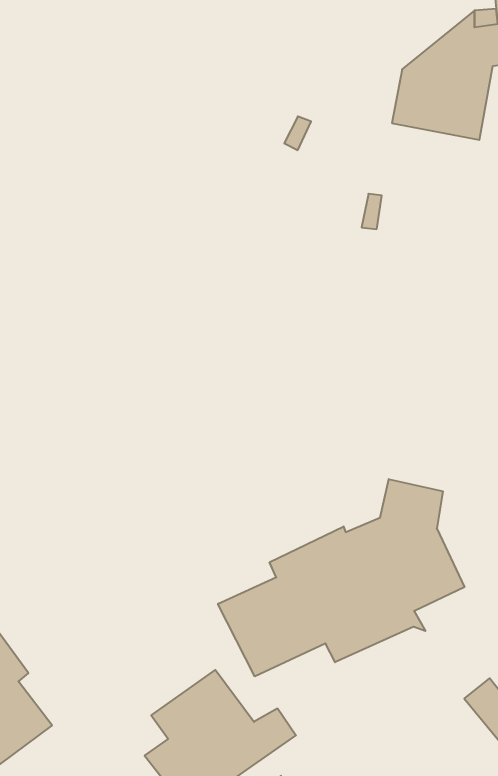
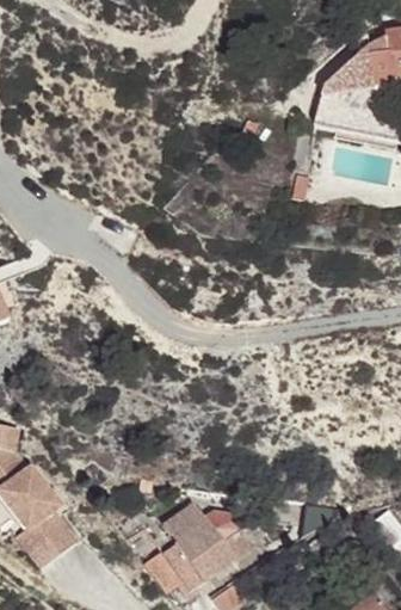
building: [218,479,464,676] -> none

